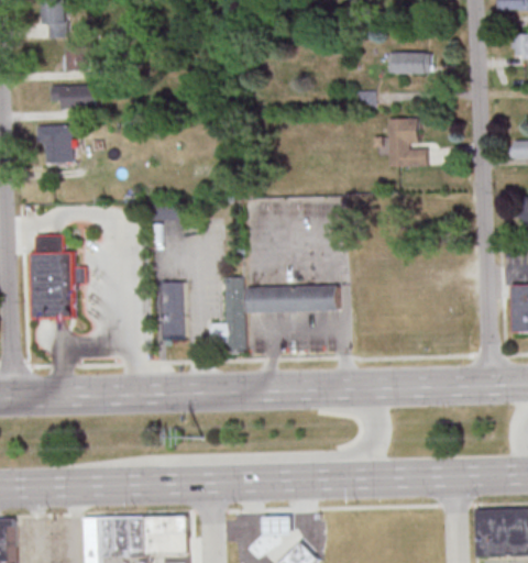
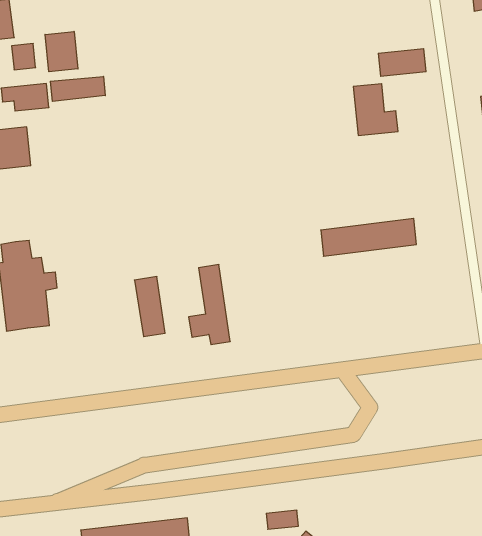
building: none -> [45,31,78,72]
building: [389,52,433,74] -> [378,49,426,76]
building: none -> [50,76,105,101]
building: [248,285,338,312] -> [321,218,416,256]

